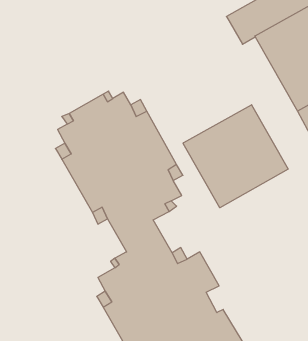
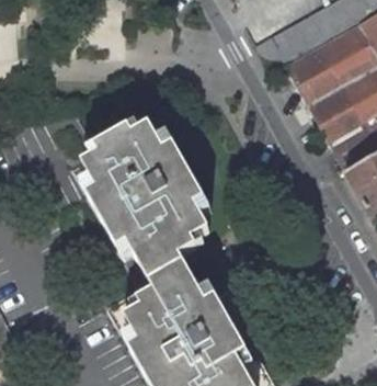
building: [183,105,288,208] -> none

